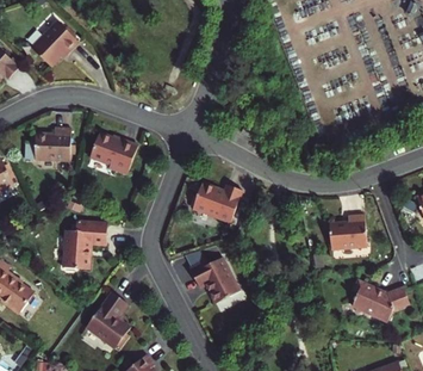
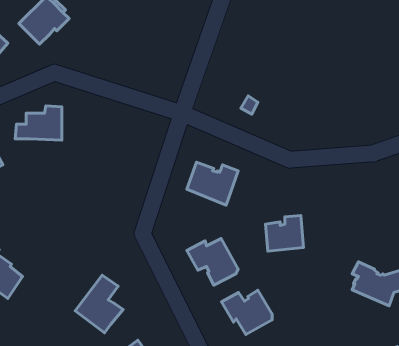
building: [91,134,138,175] -> none
building: [330,215,367,249] -> [265,216,303,251]
building: [63,222,110,270] -> none
building: none -> [222,290,272,335]

